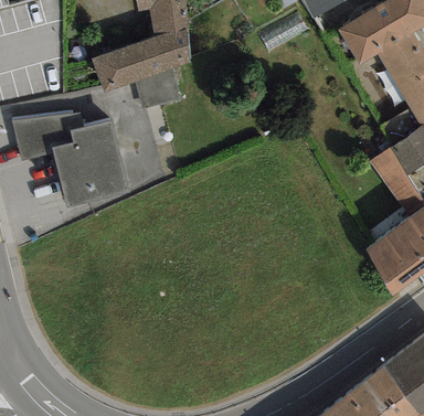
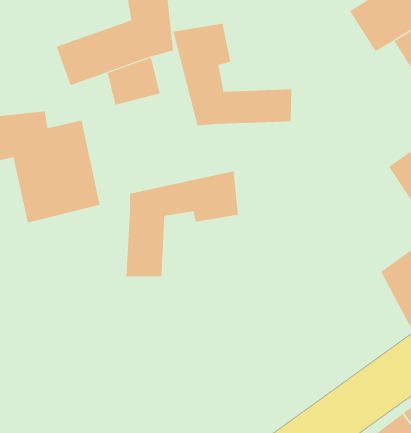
building: none -> [173,23,292,126]
building: none -> [126,171,239,277]

